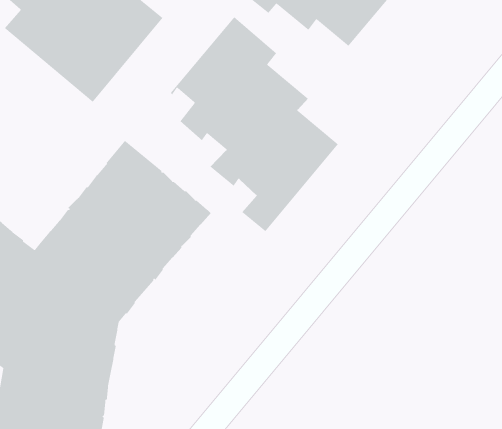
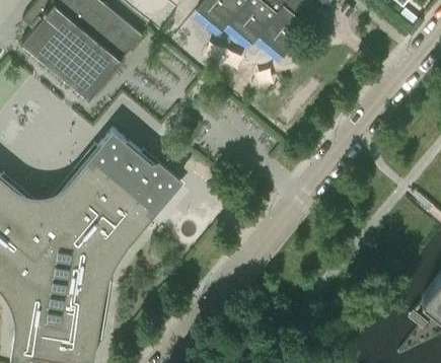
building: [170,16,339,232] -> none

